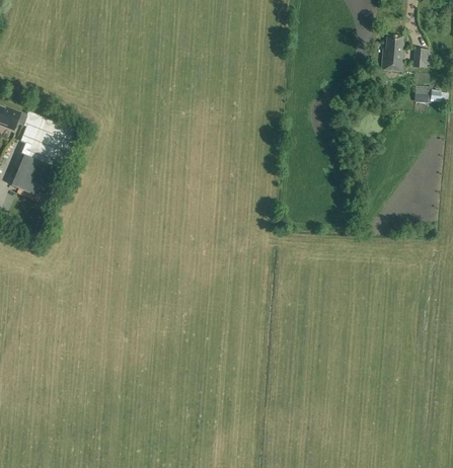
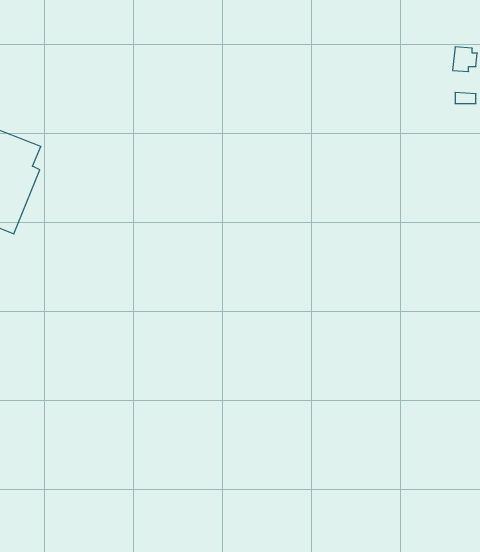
building: [380,35,402,72] -> none

